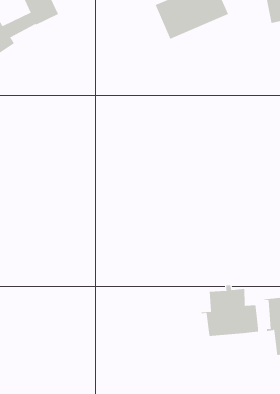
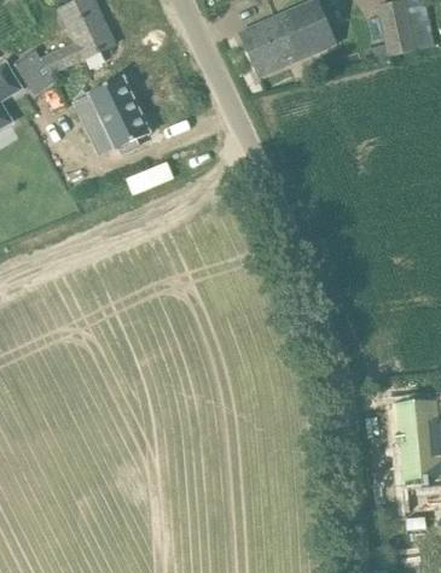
building: none -> [80,75,141,147]
building: [201,284,264,337] -> none

